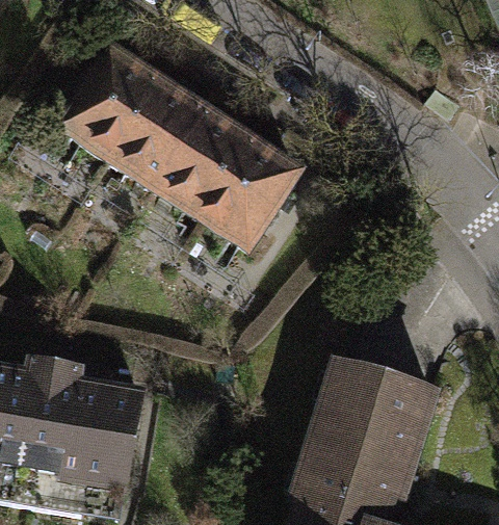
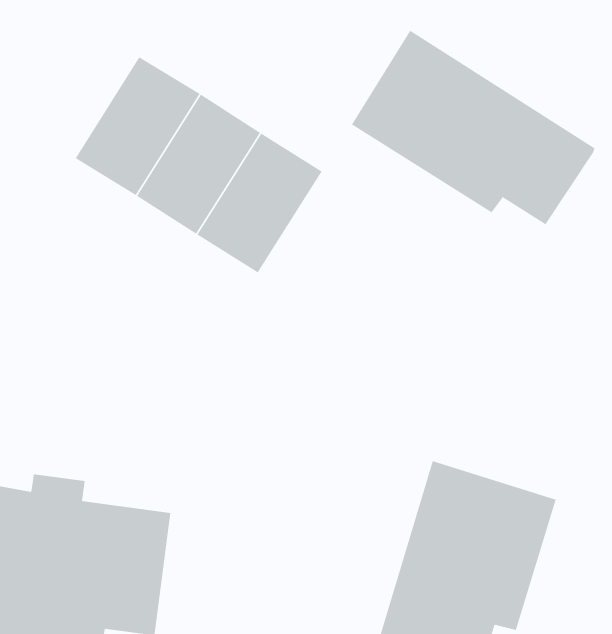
building: none -> [351,30,595,225]
building: [203,134,299,242] -> none

